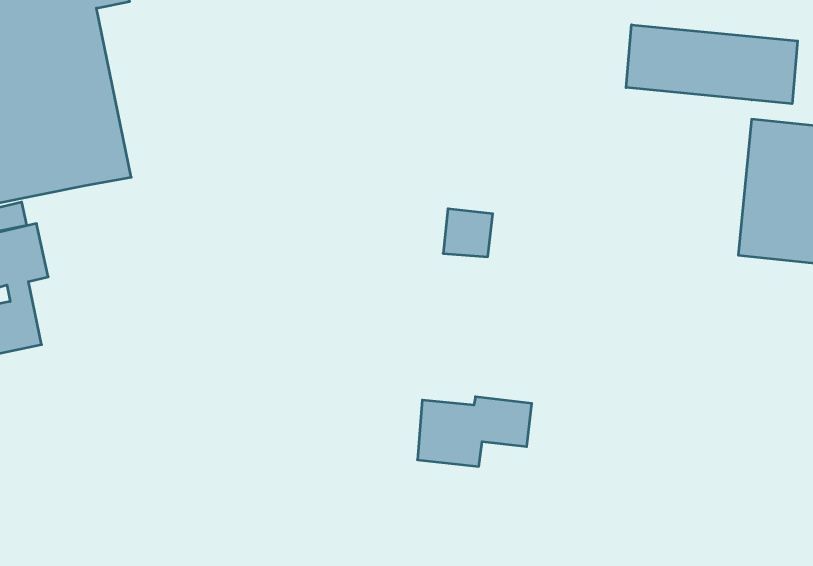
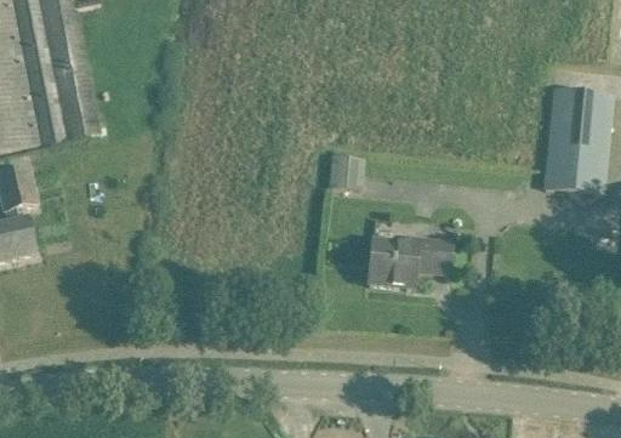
building: [626,25,798,104] -> none
building: [417,397,532,466] -> [368,238,451,289]

